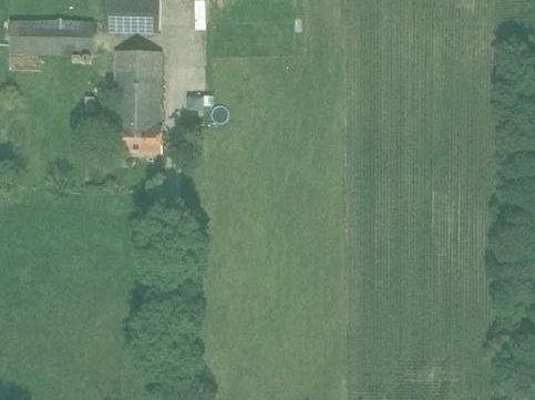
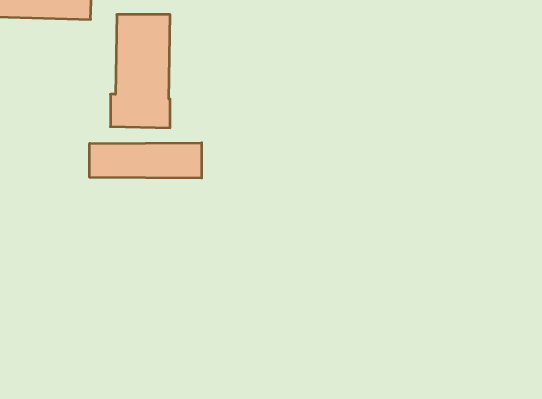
building: none -> [90,143,202,178]

